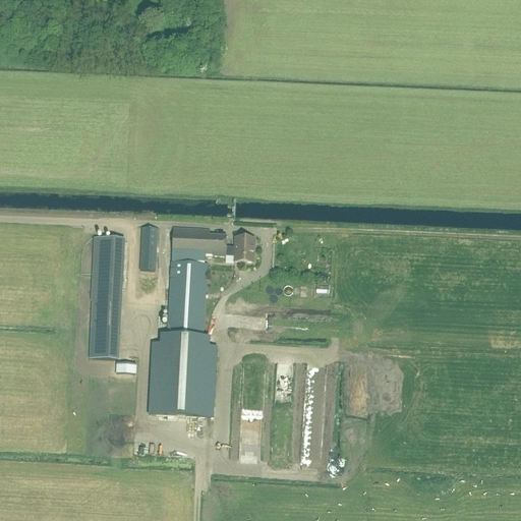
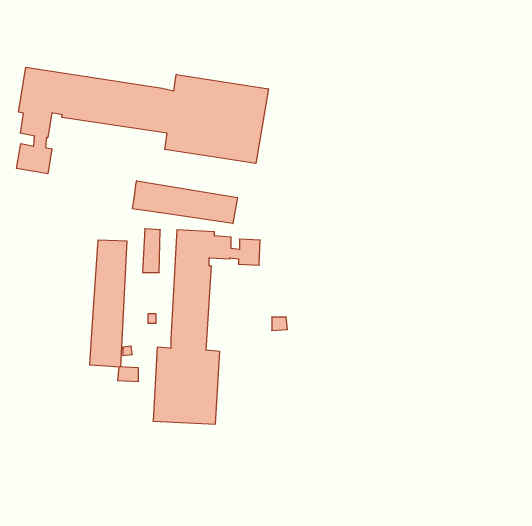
building: none -> [17,67,268,174]
building: none -> [132,181,238,224]

